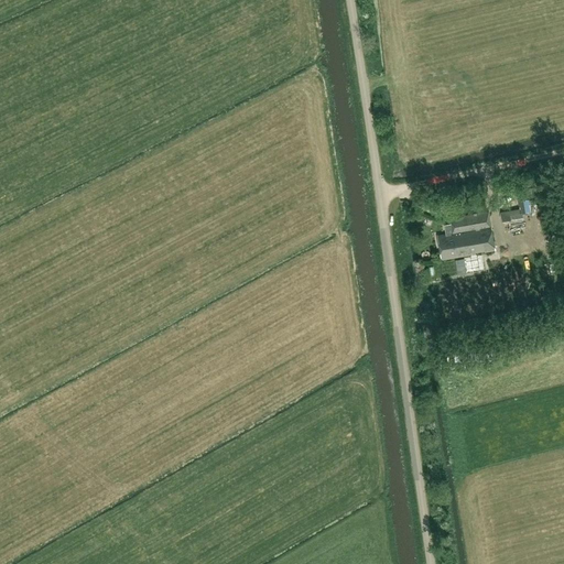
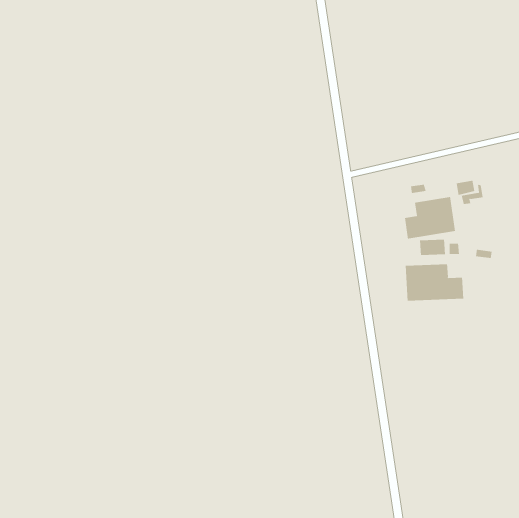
building: none -> [405,263,464,302]

